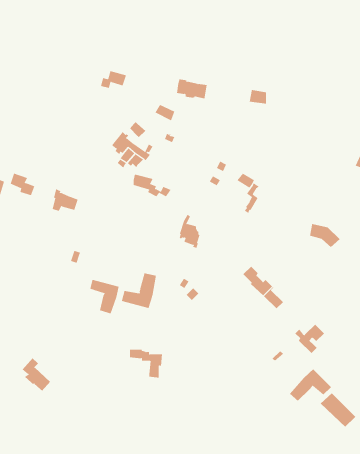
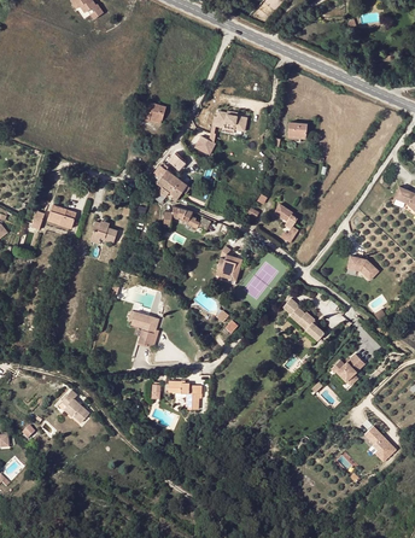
building: [121,272,157,309] -> none
building: [289,368,332,402] -> none

